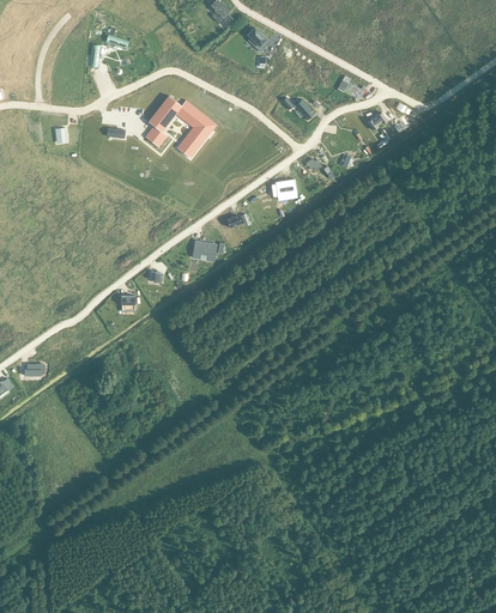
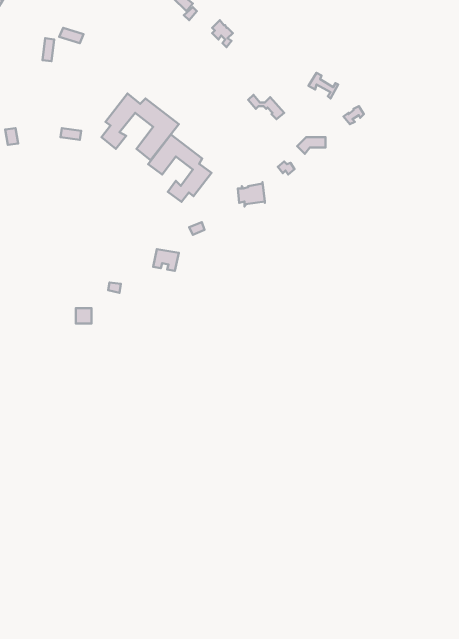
building: none -> [148,134,211,202]

